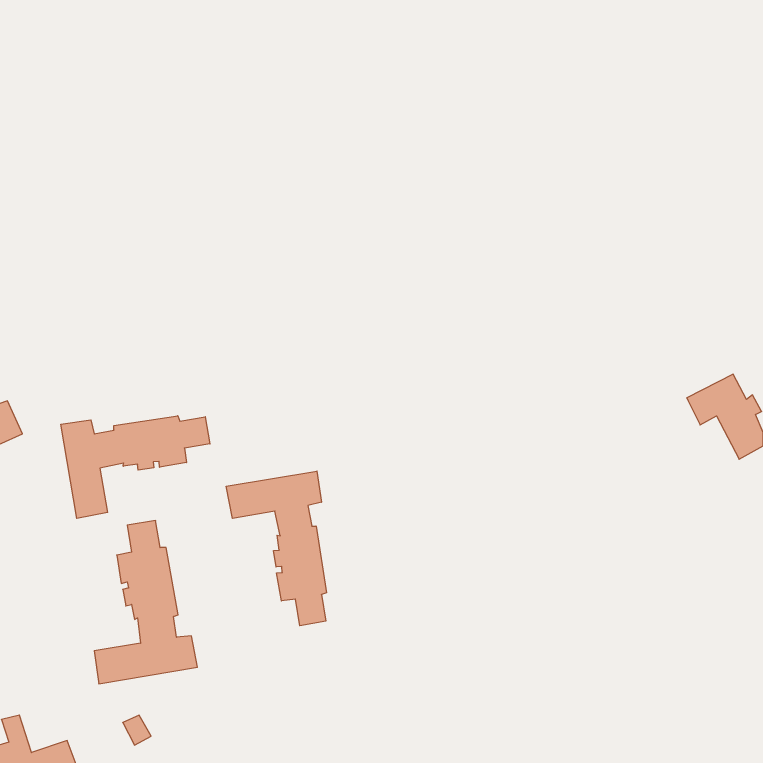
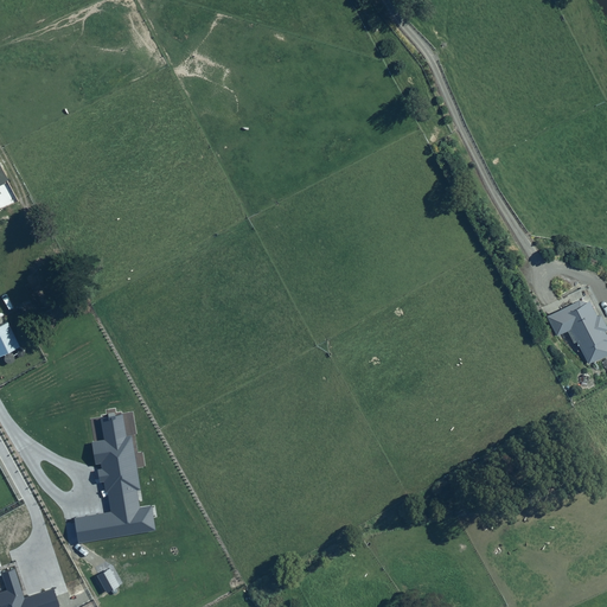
building: [61,416,210,518] -> none
building: [226,471,327,626] -> none

